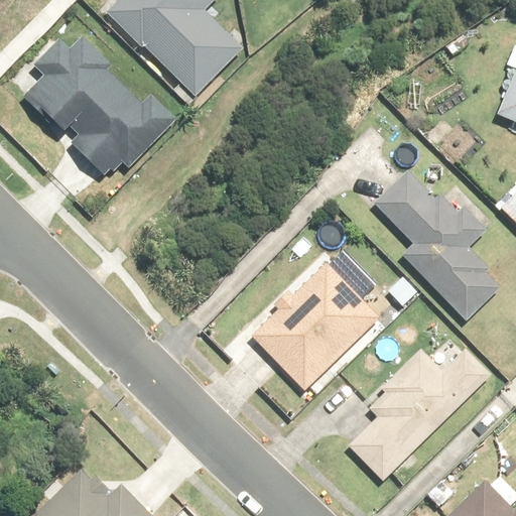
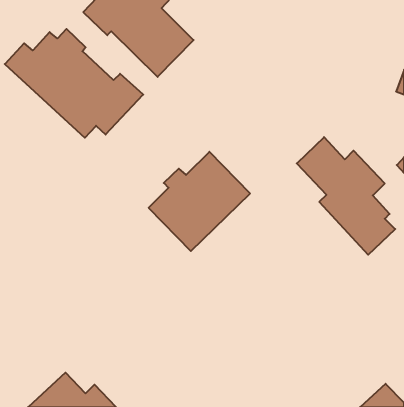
building: [253,264,381,389] -> [149,152,250,251]
building: [350,350,488,480] -> none

